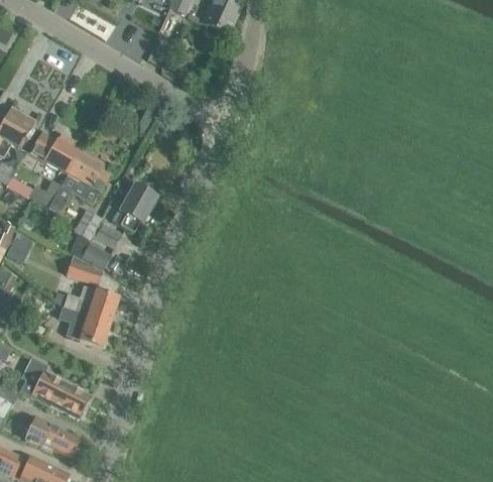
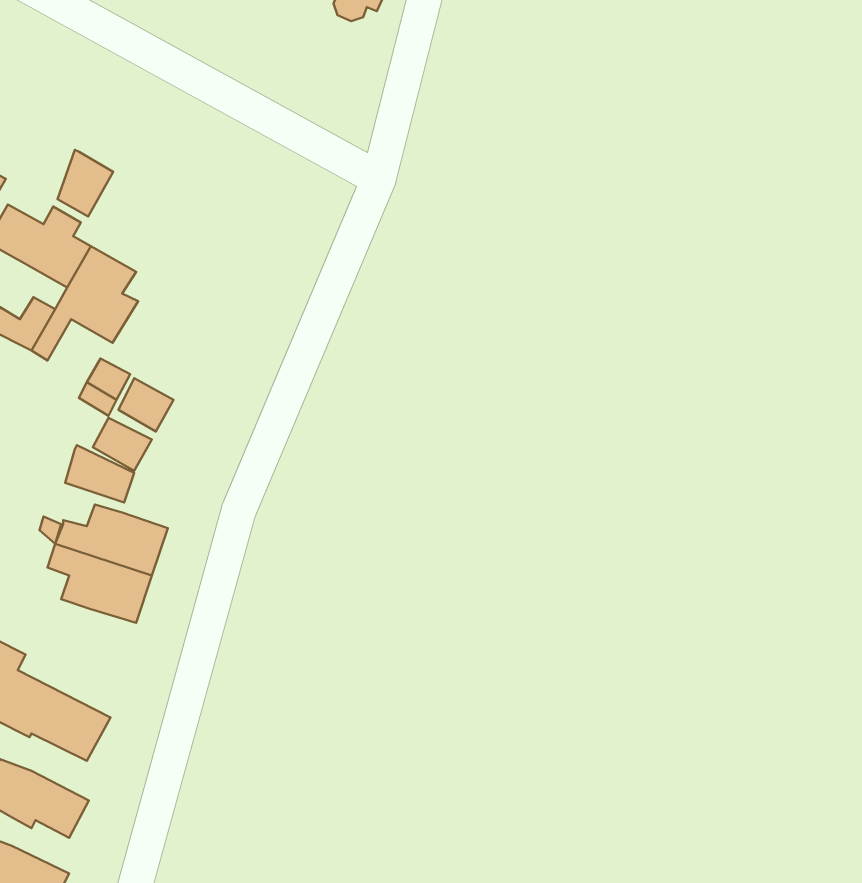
building: none -> [58,150,113,216]
building: [111,185,157,233] -> none

